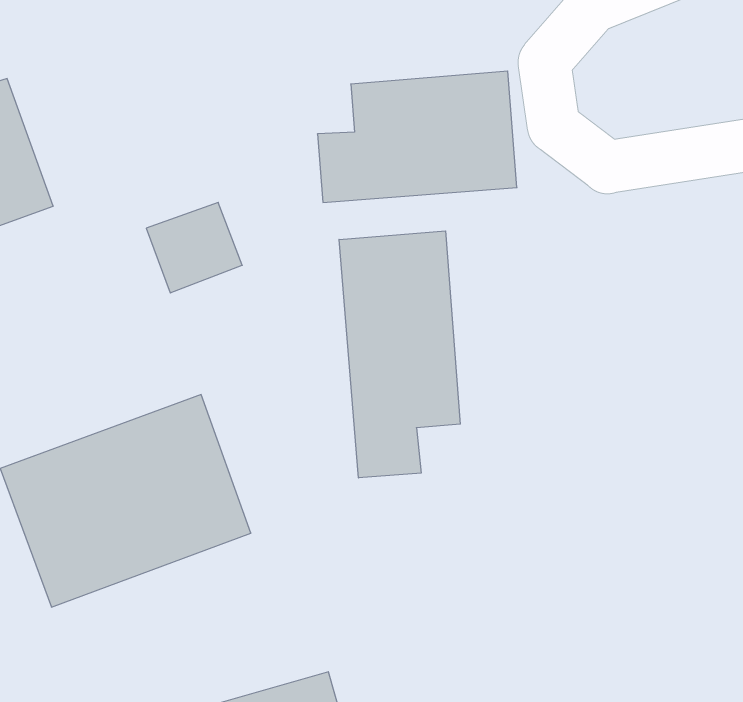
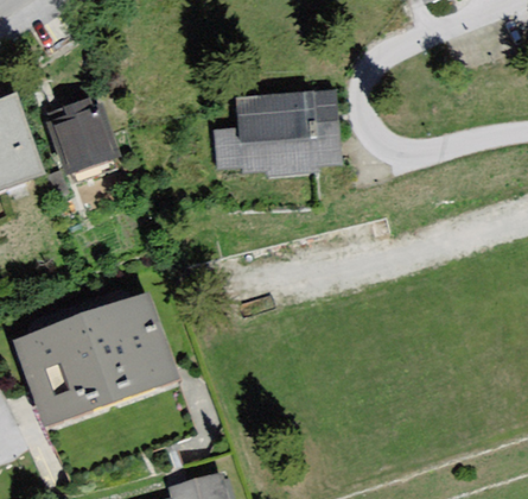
building: [146,202,242,293] -> [57,107,119,165]
building: [339,231,460,478] -> none

